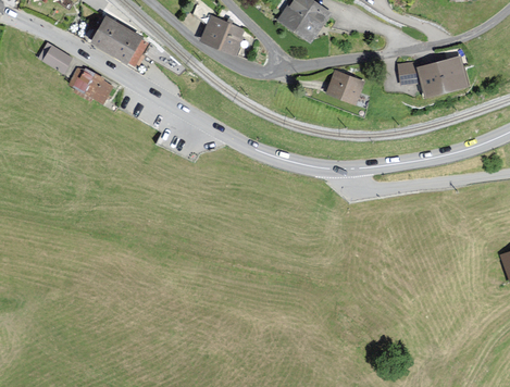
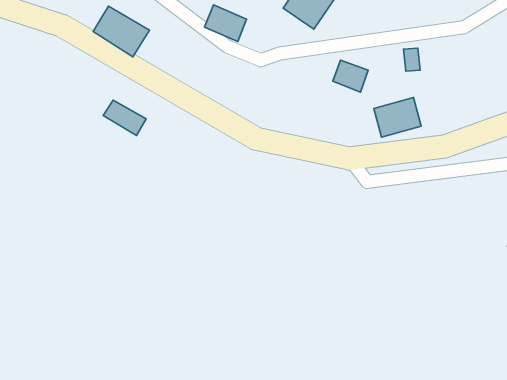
building: [40,43,73,71] -> none
building: [420,57,467,96] -> [374,97,421,137]
building: [70,67,112,102] -> [103,100,146,135]

